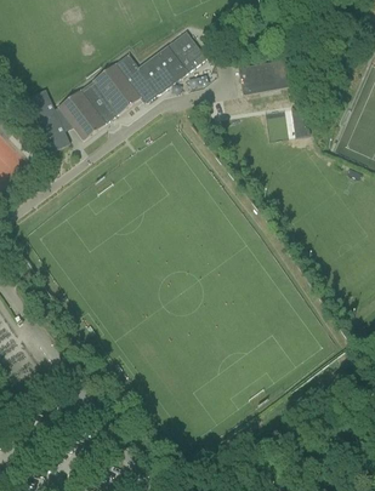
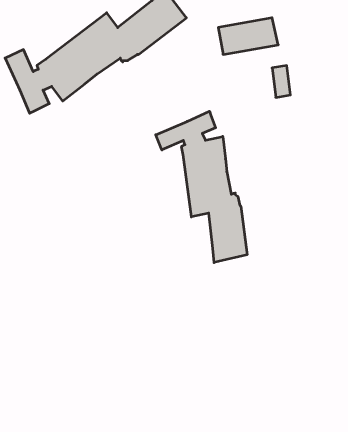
building: none -> [156,111,247,263]

